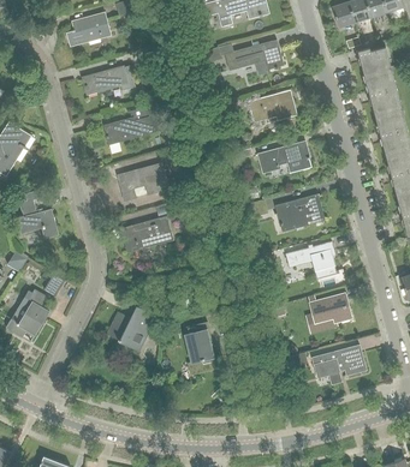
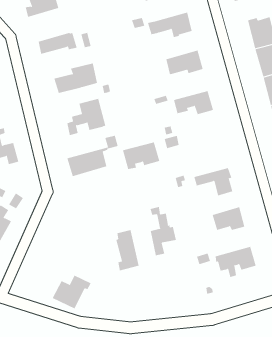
building: [275,194,325,230] -> [122,142,160,170]
building: none -> [150,206,177,256]
building: [105,305,156,349] -> [52,275,92,309]

